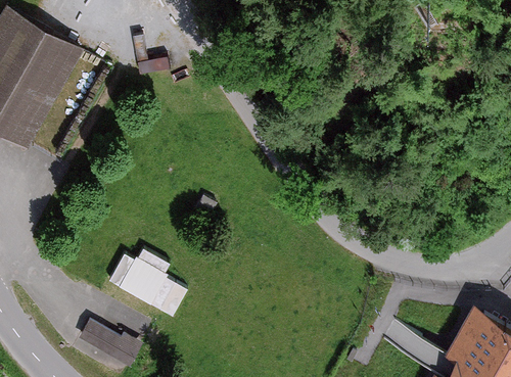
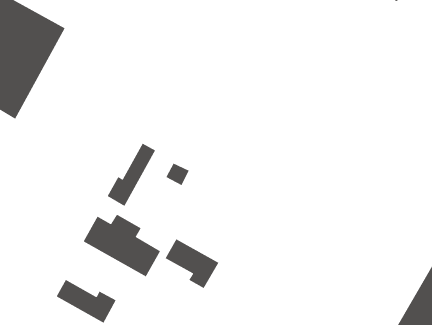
building: none -> [107,143,156,207]
building: none -> [165,239,219,289]

